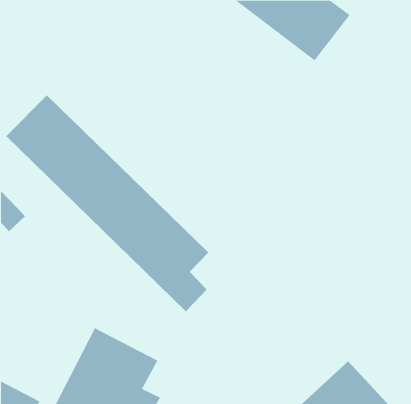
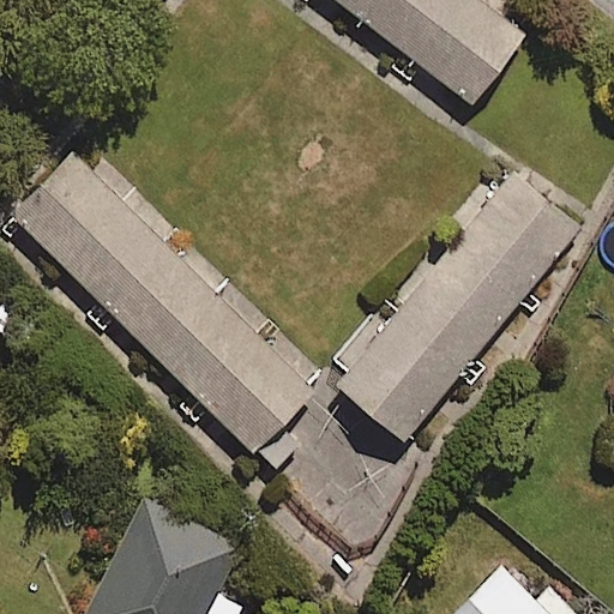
building: none -> [339,174,580,438]

